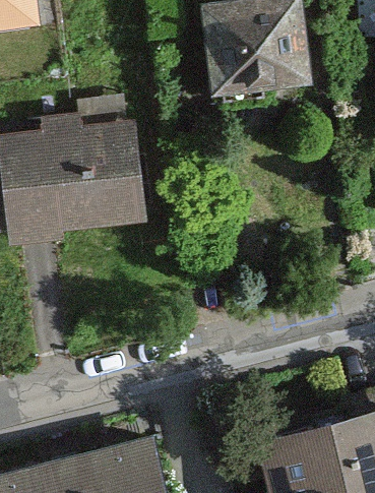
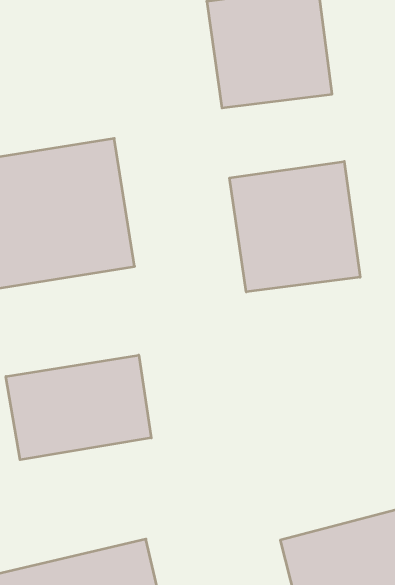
building: none -> [230,161,360,292]
building: none -> [6,355,151,460]

